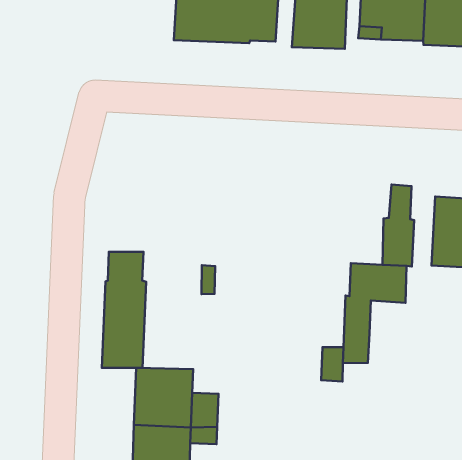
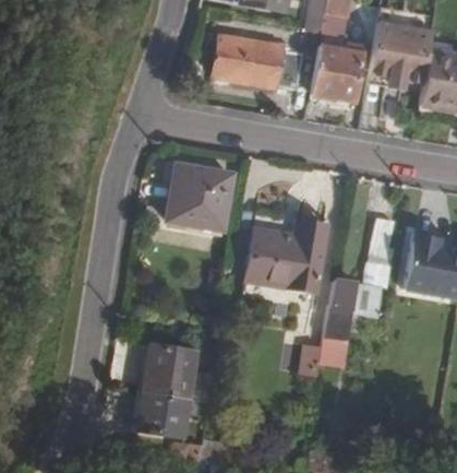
building: none -> [167,163,233,222]
building: none -> [246,220,327,292]
building: [102,252,146,368] -> none

